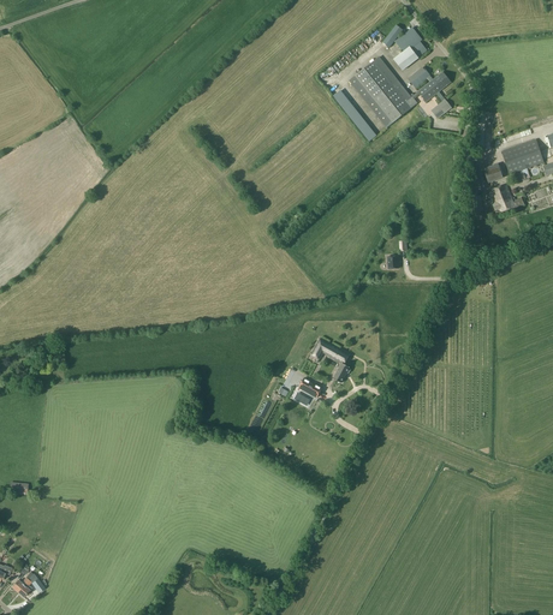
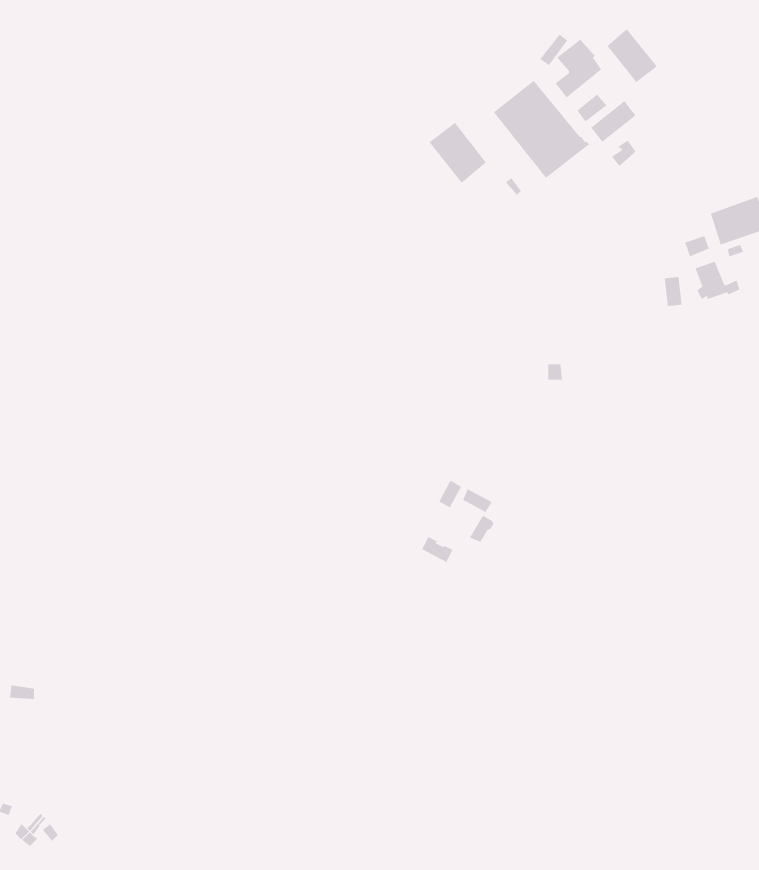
building: none -> [606,28,658,83]
building: none -> [429,122,487,184]

